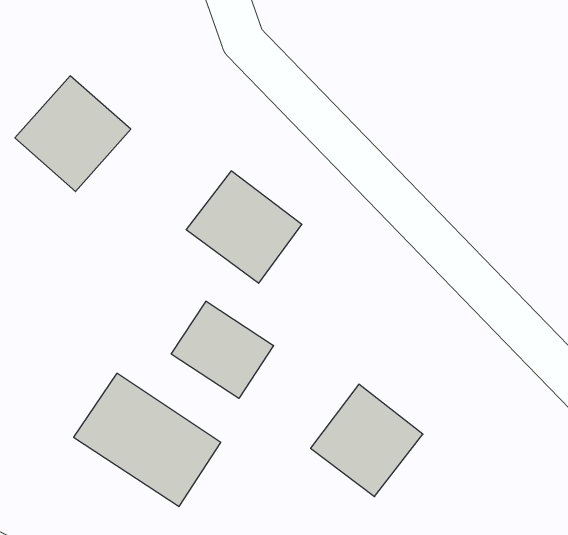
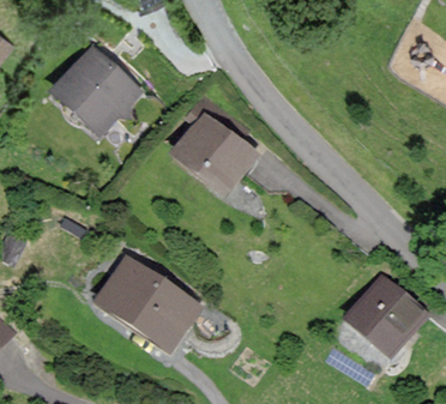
building: [171,301,274,398] -> none
building: [311,384,423,497] -> [346,278,424,356]

